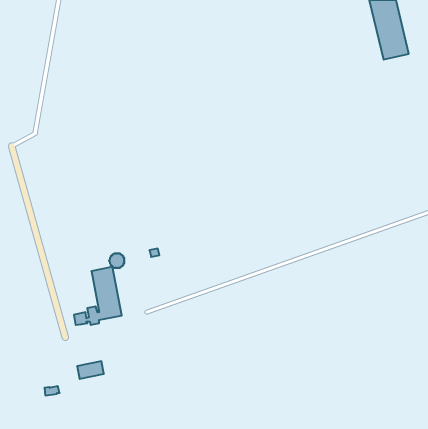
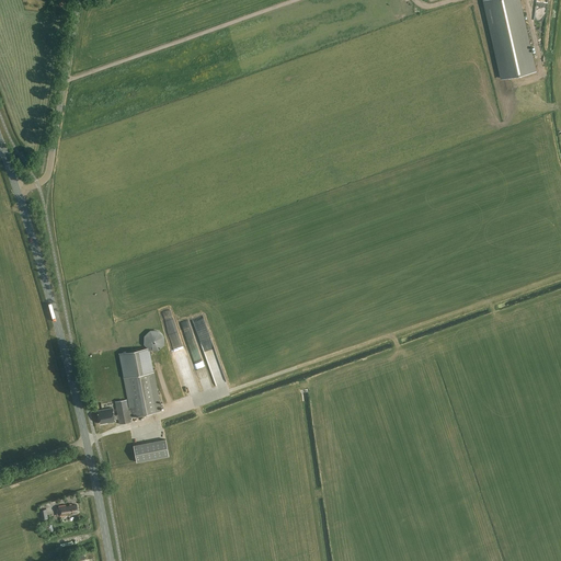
building: [77,361,104,379] -> [133,439,168,462]

